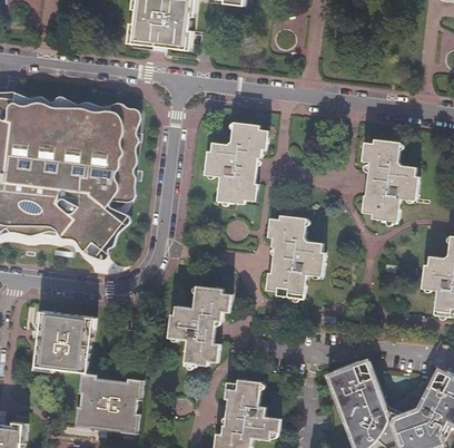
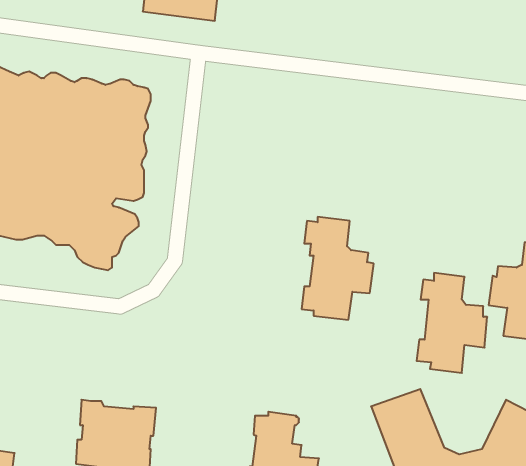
building: [203,123,267,204] -> none
building: [358,138,417,222] -> [417,273,487,373]
building: [166,290,228,371] -> none
building: [36,306,95,369] -> none

